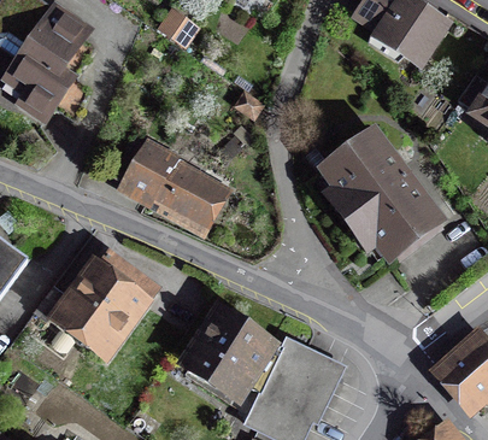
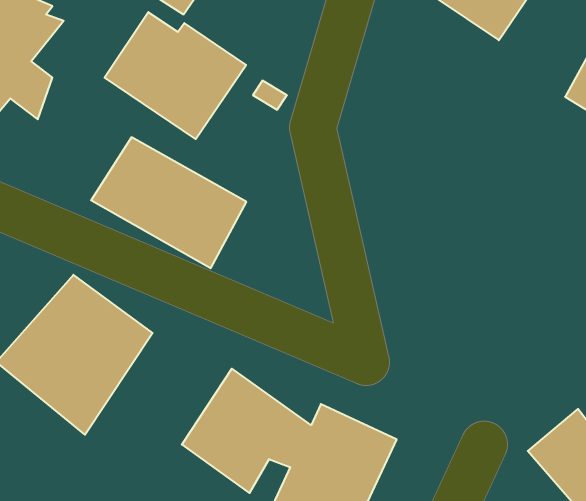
building: none -> [105,12,246,139]
building: [310,119,446,259] -> none

